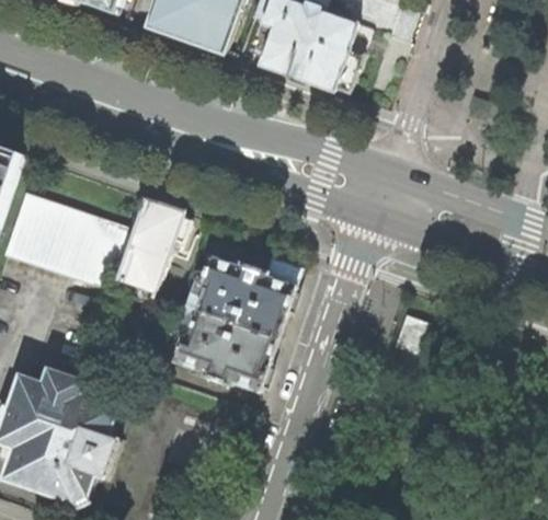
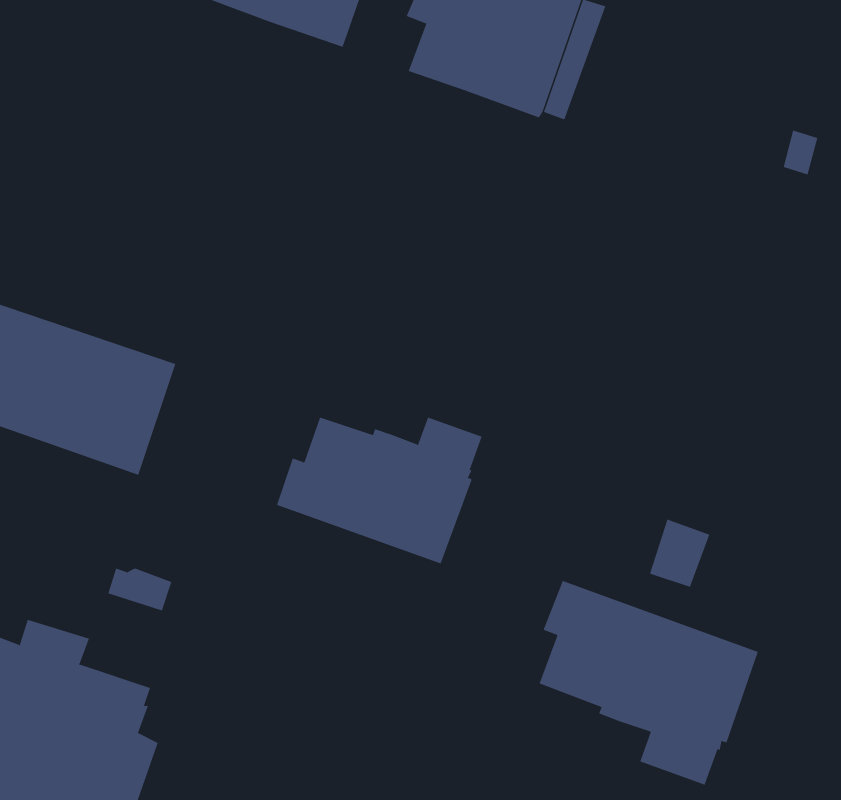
building: [111,199,185,303] -> none
building: [172,311,275,391] -> none
building: none -> [539,580,759,786]

